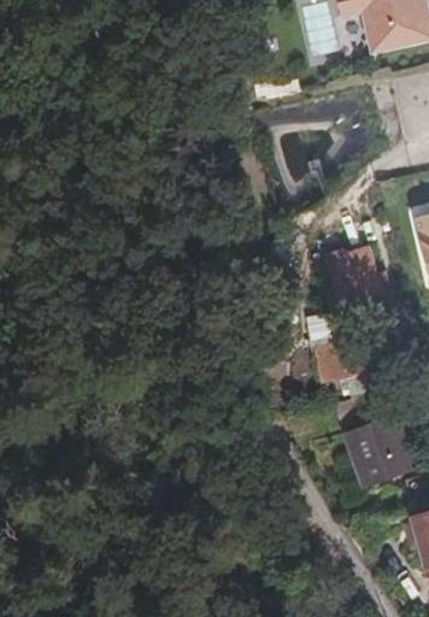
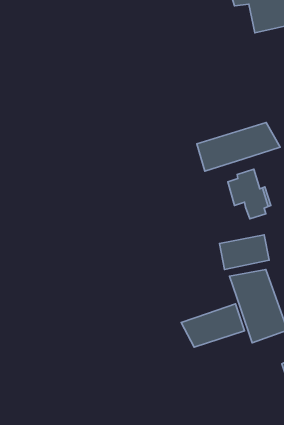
building: none -> [197,123,280,171]
building: none -> [181,304,244,347]

